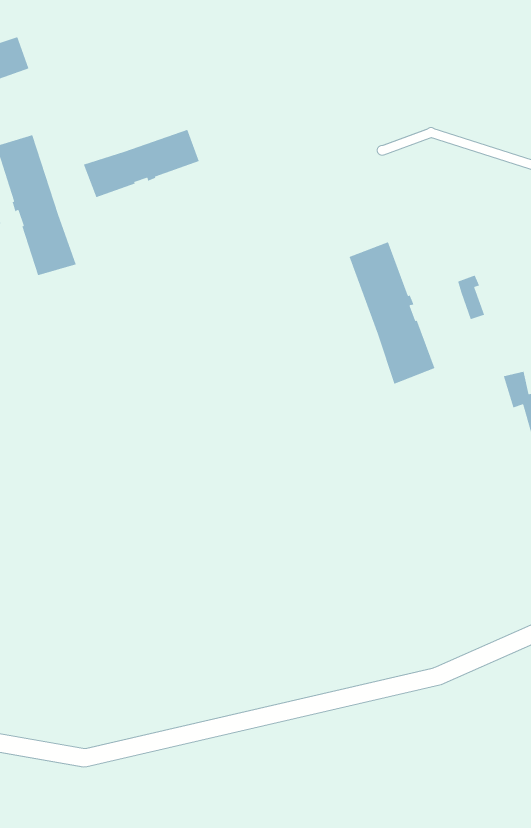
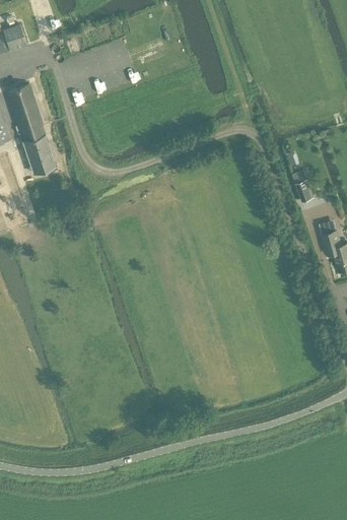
building: [83,129,200,198] -> none
building: [349,241,435,385] -> none

